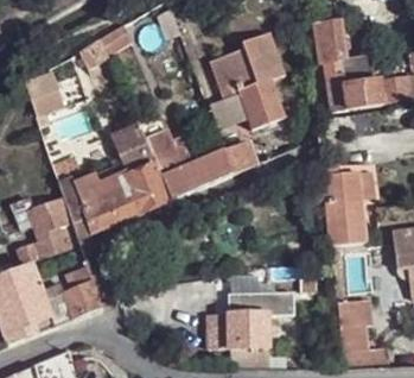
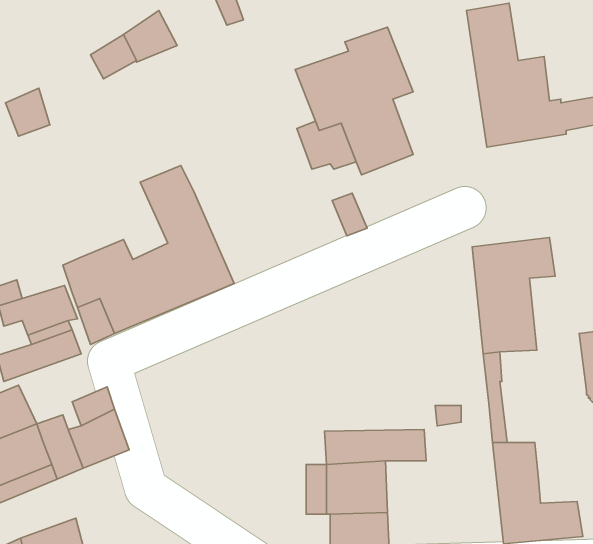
building: [145,130,233,199] -> none

